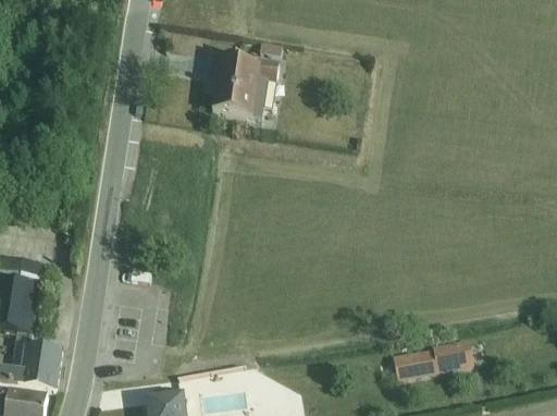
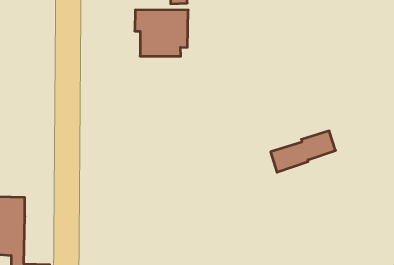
building: [392,338,472,379] -> [271,131,336,172]

